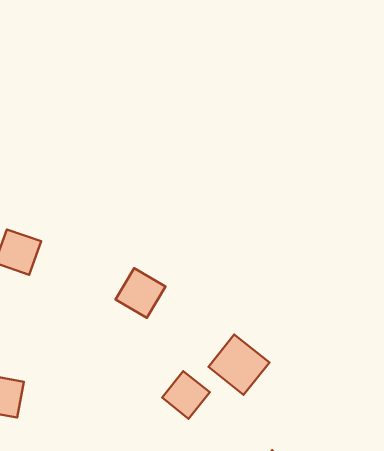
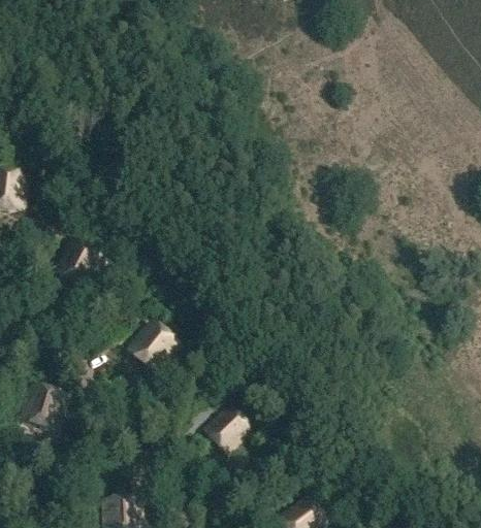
building: [116,268,166,318] -> [128,320,180,371]
building: [208,334,269,395] -> none

